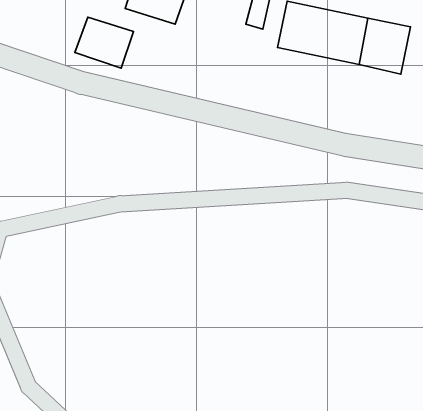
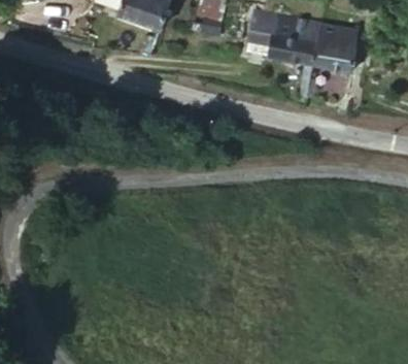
building: [75,17,133,68] -> none

